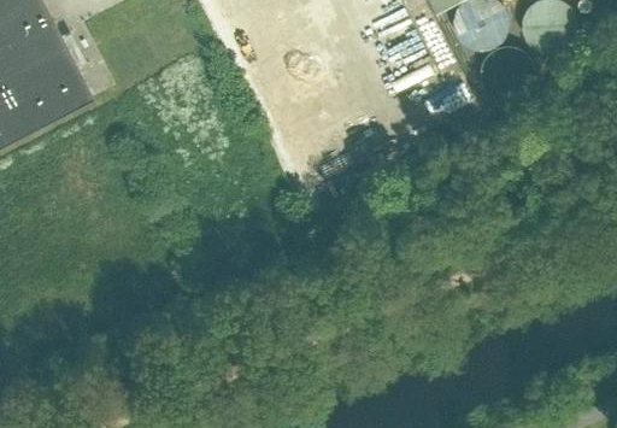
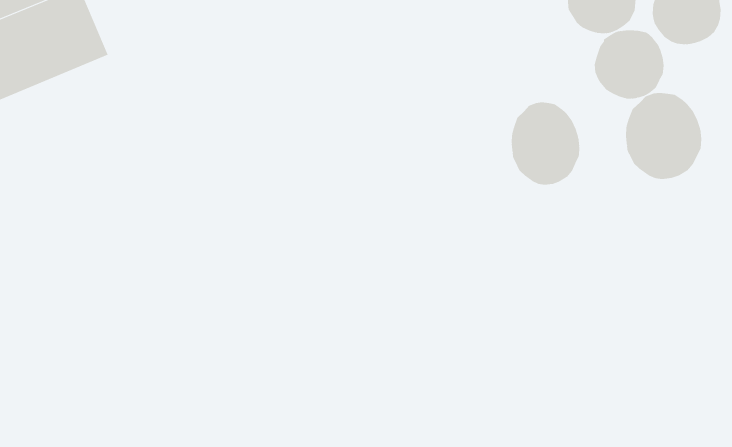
building: none -> [625,92,702,180]
building: none -> [511,102,580,186]

